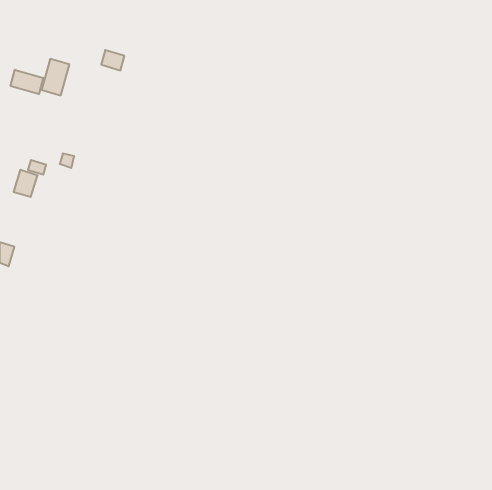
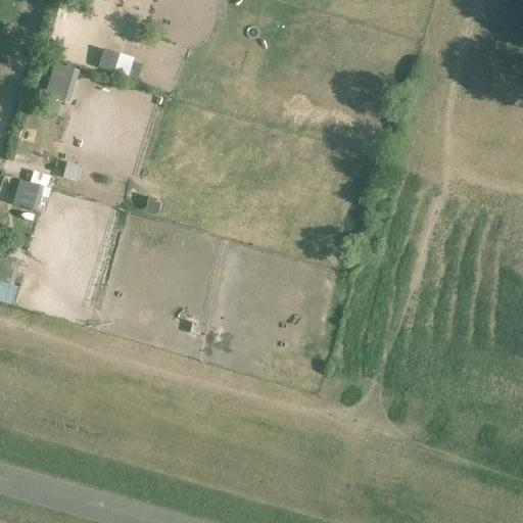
building: [11,70,43,94] -> none

